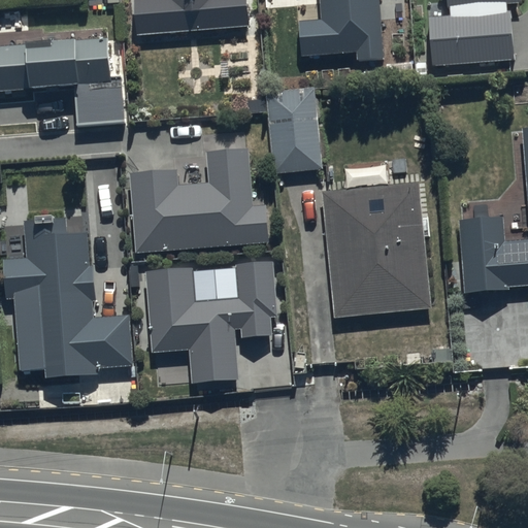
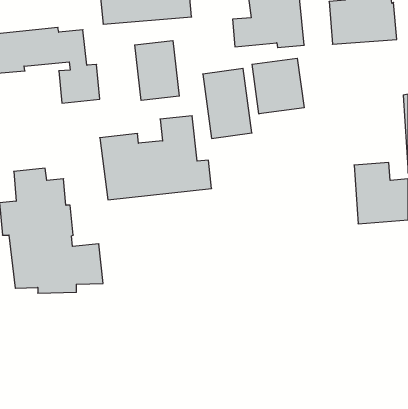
building: none -> [135,41,179,100]
building: none -> [252,58,304,114]
building: [324,168,438,321] -> none
building: [146,262,279,385] -> none

